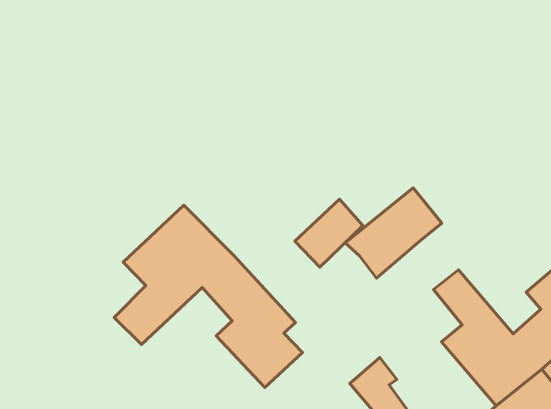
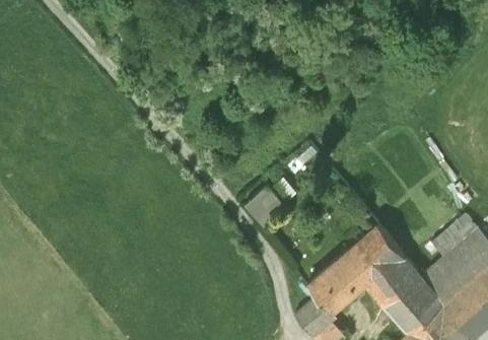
building: [345,188,442,278] -> [305,243,380,313]
building: [114,205,302,387] -> none

